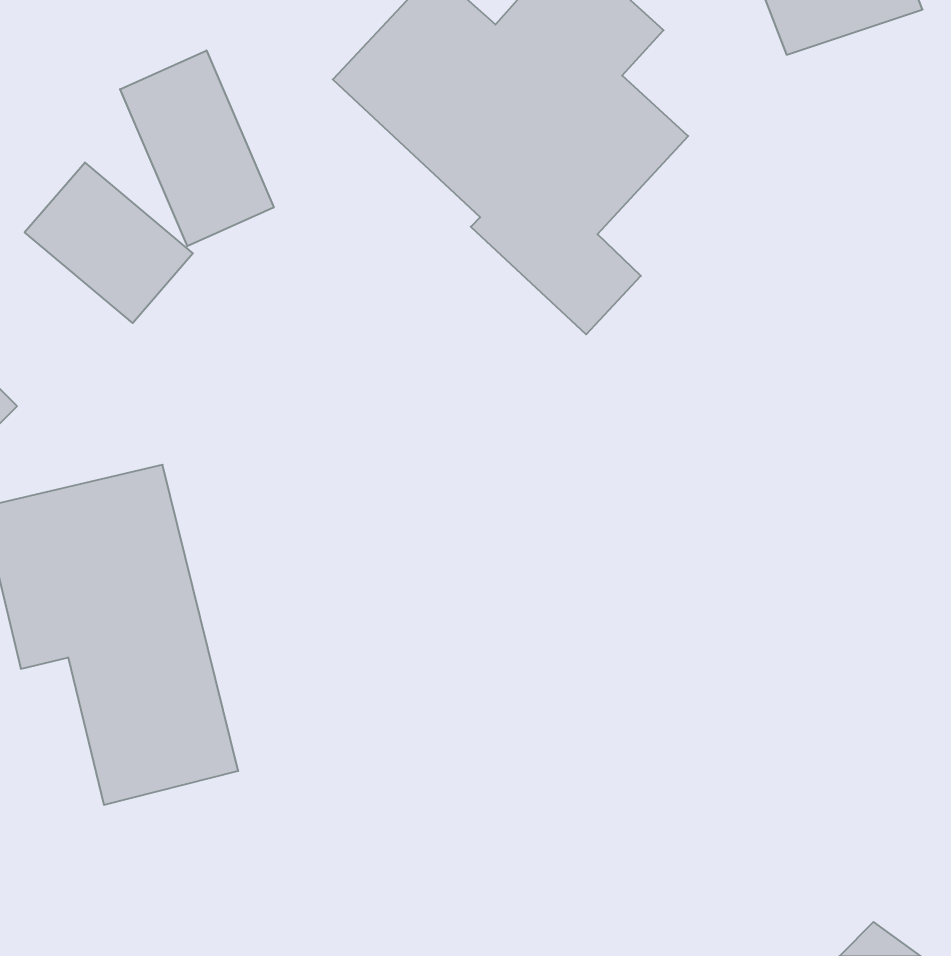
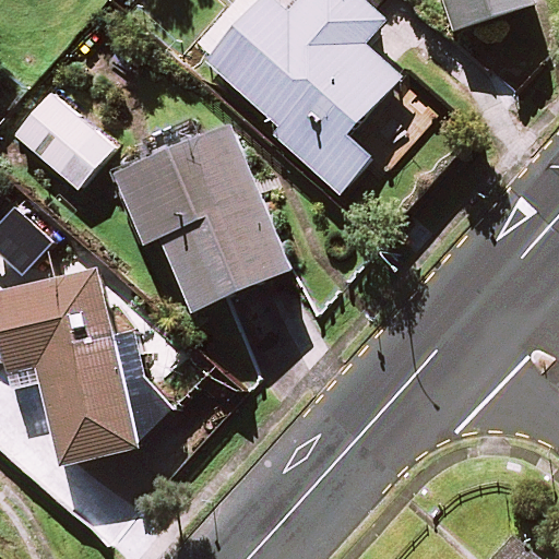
building: [120,50,274,246] -> none
building: none -> [115,123,292,311]

